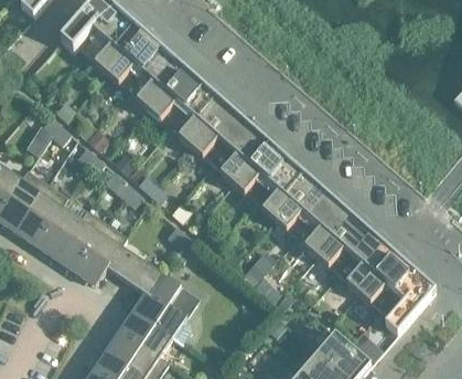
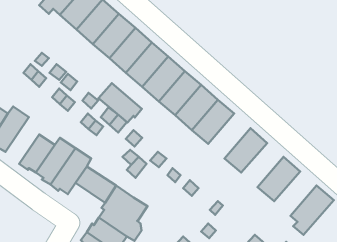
building: none -> [99,83,142,122]
building: [275,179,329,236] -> none
building: [17,183,66,243] -> none
building: [316,217,370,273] -> none
building: [358,253,412,309] -> none

